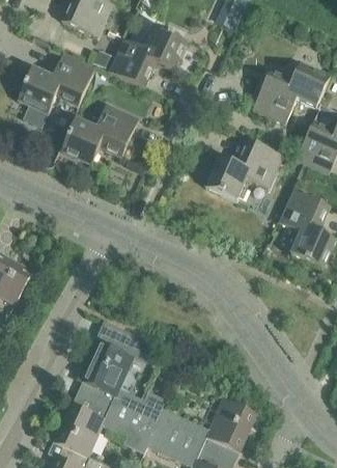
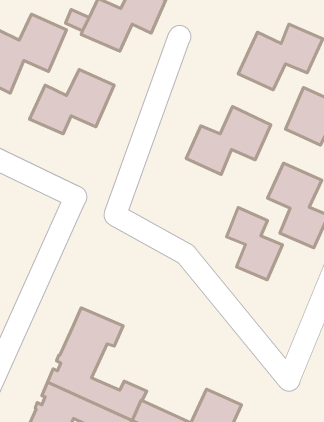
building: none -> [226,208,283,280]

